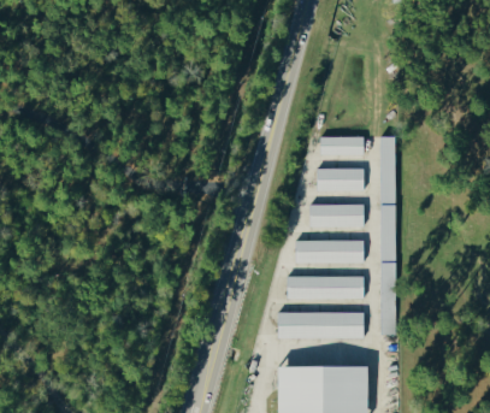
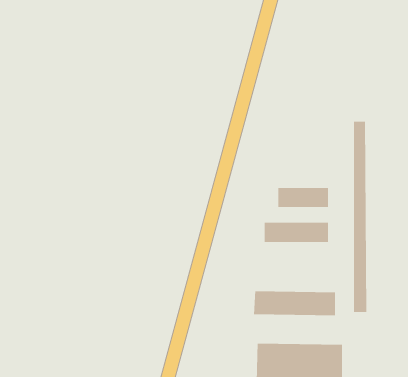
building: [315,137,358,154] -> none
building: [312,169,359,190] -> none
building: [282,277,358,299] -> none

